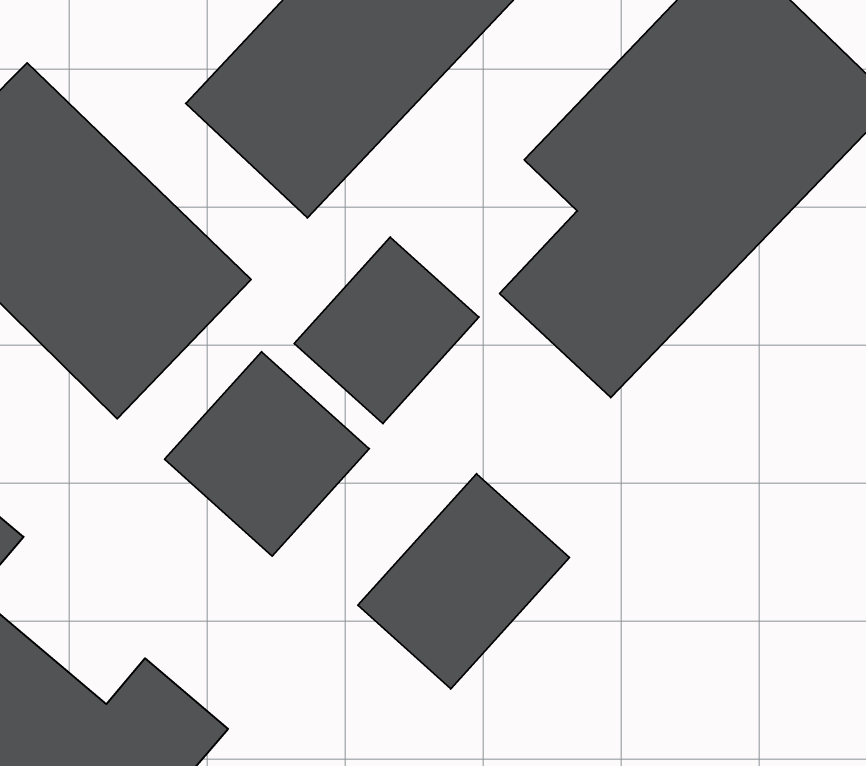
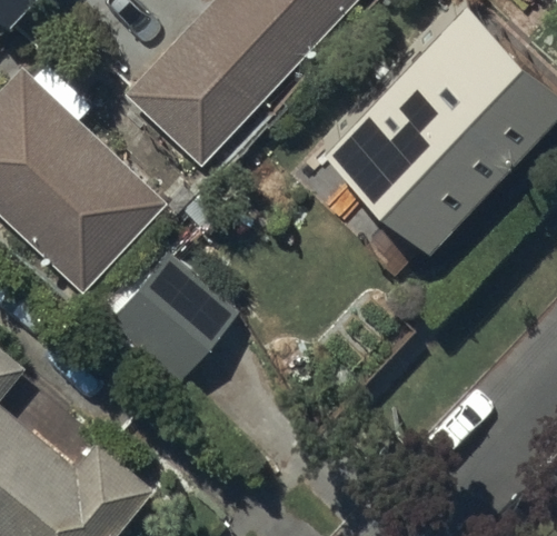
building: [294,237,479,424] -> none
building: [358,474,569,689] -> none

